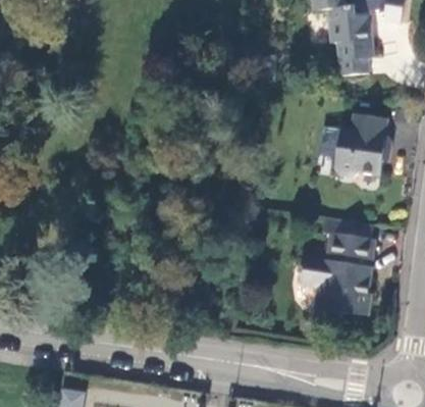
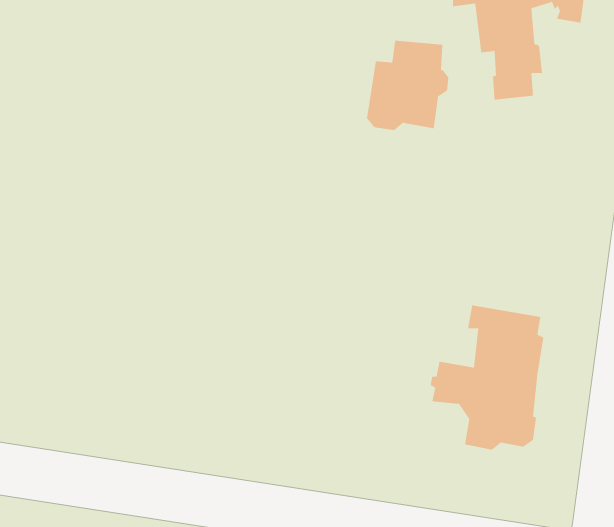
building: [332,113,389,175] -> [366,40,449,130]

